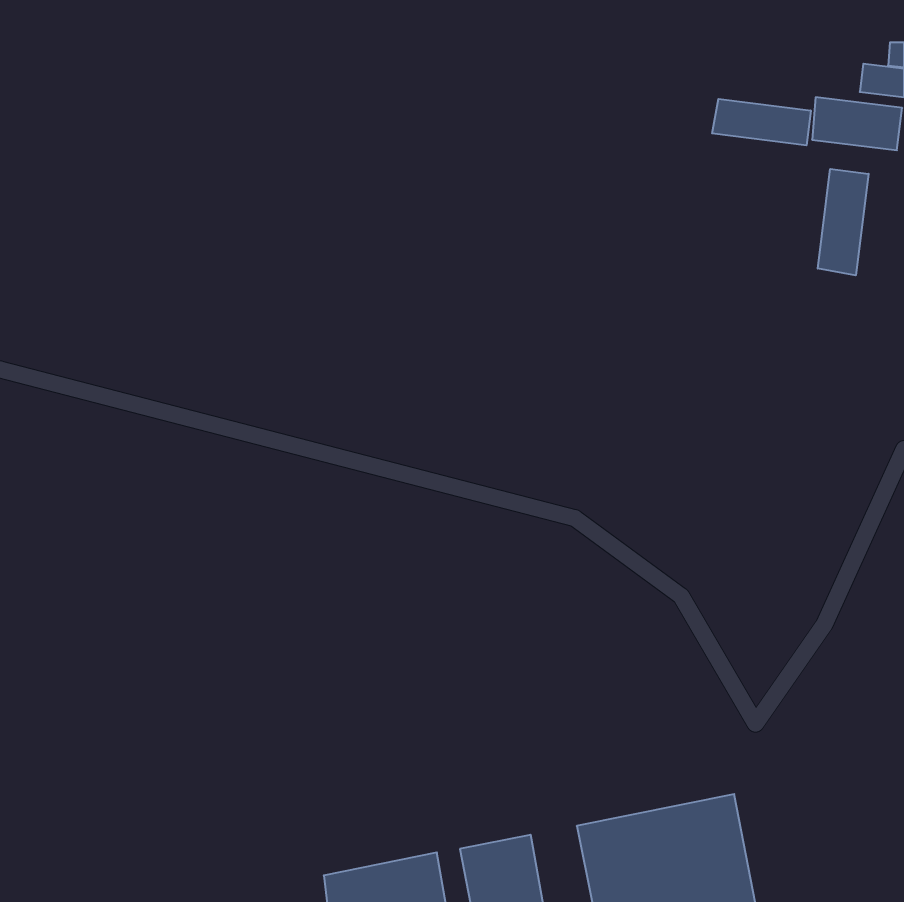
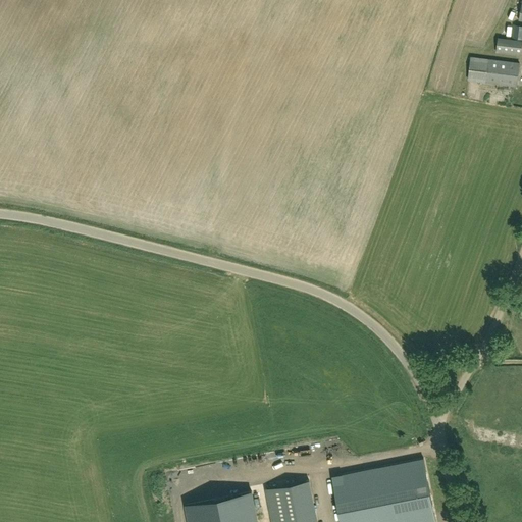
building: [712,99,811,145] -> none
building: [818,169,869,275] -> none

